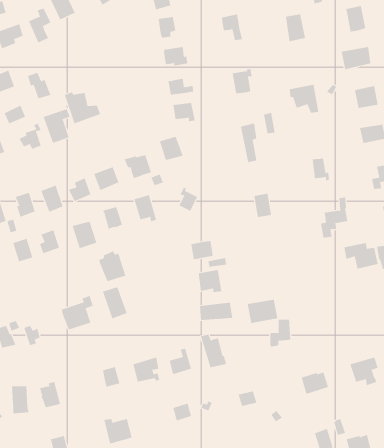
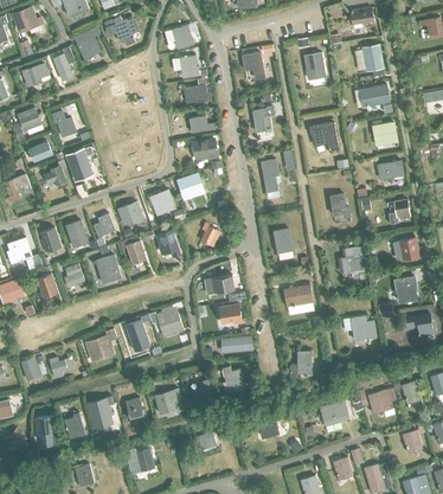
building: [64,91,101,124] -> none
building: [343,242,379,269] -> [341,315,375,341]
building: [98,250,126,282] -> [156,306,184,336]
building: [247,299,278,323] -> [283,284,314,308]
building: none -> [89,397,114,429]

